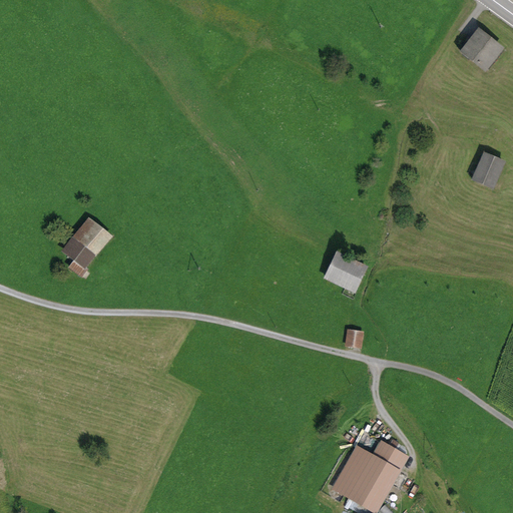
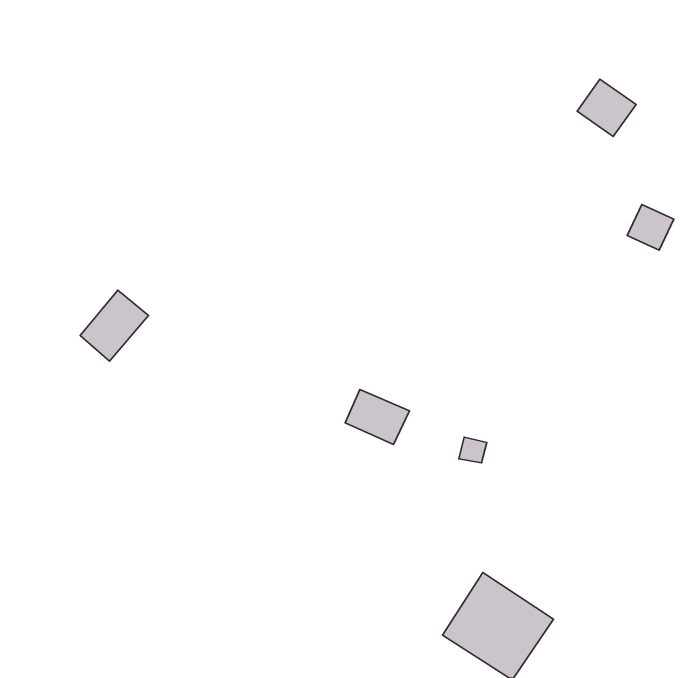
building: [458,27,502,70] -> [577,79,636,137]
building: [319,250,367,292] -> [345,390,409,444]

